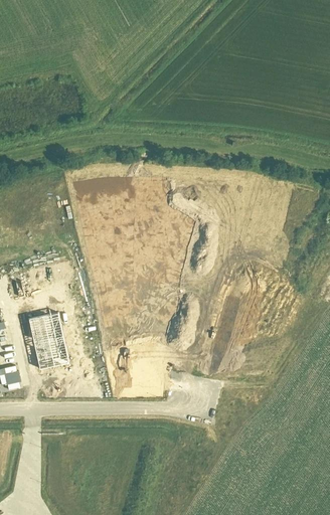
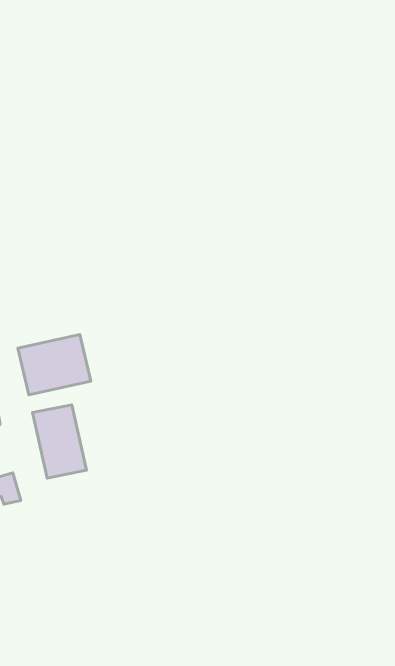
building: none -> [18,334,91,395]

